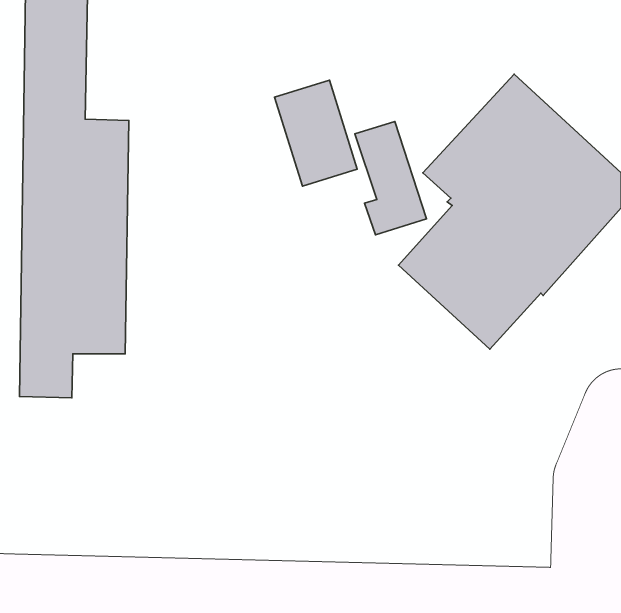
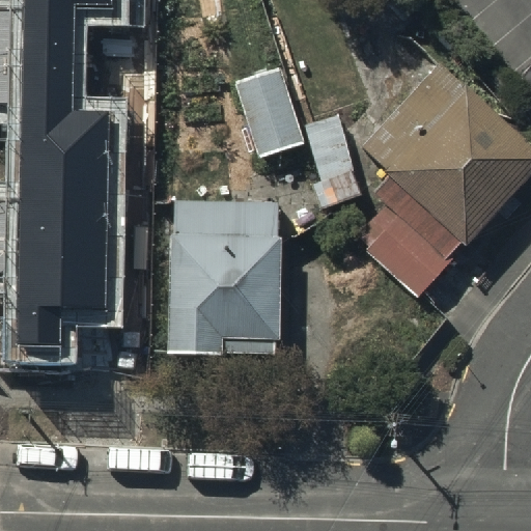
building: none -> [168,197,281,356]

